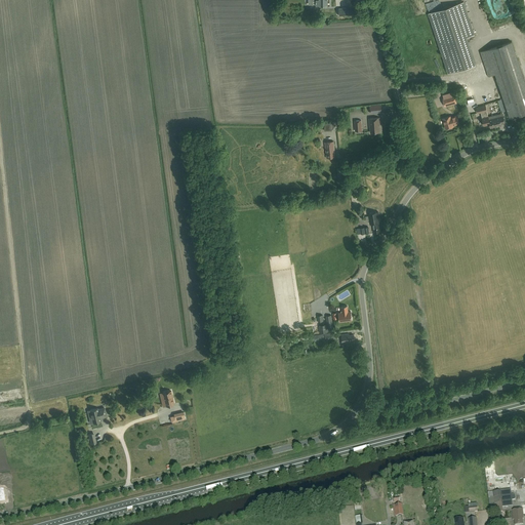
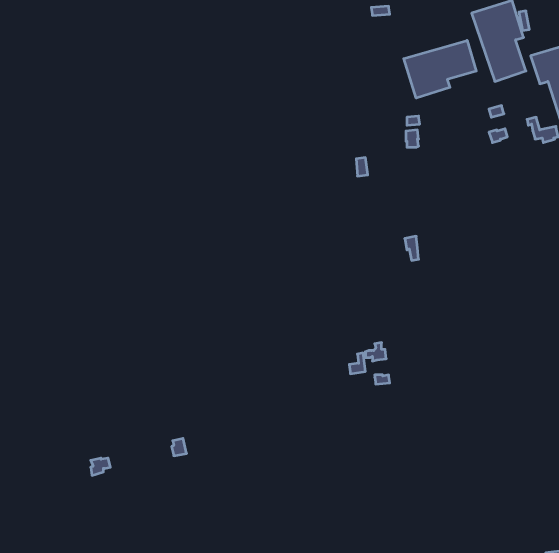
building: none -> [404,40,476,98]

